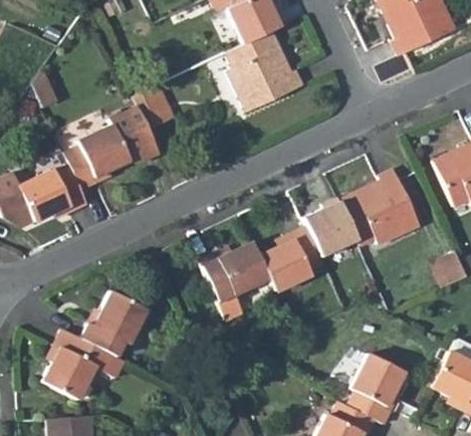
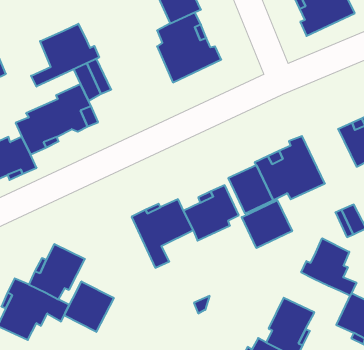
building: none -> [31,24,99,87]
building: none -> [242,200,292,248]
building: none -> [301,238,356,296]
building: none -> [64,281,114,332]

